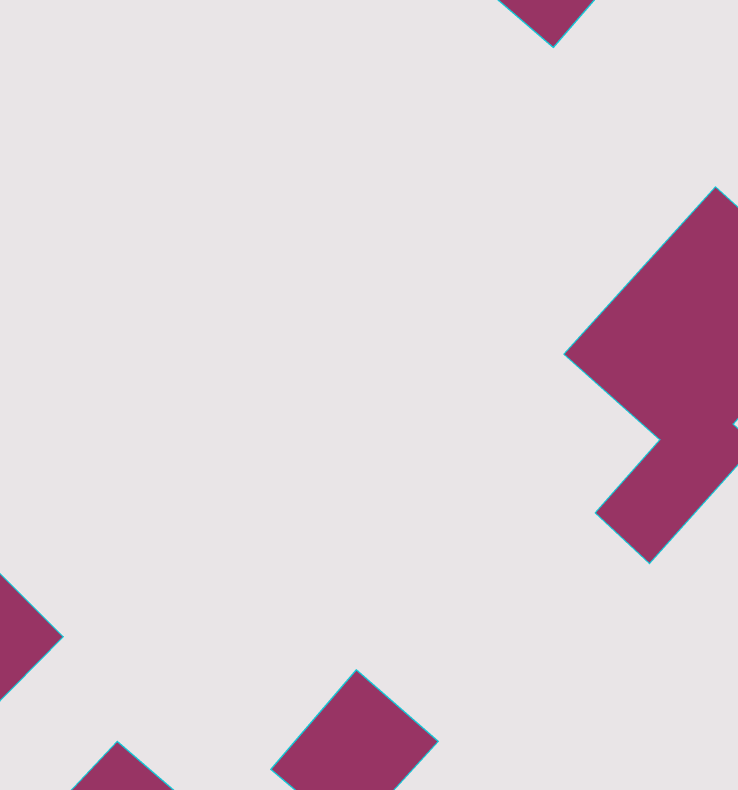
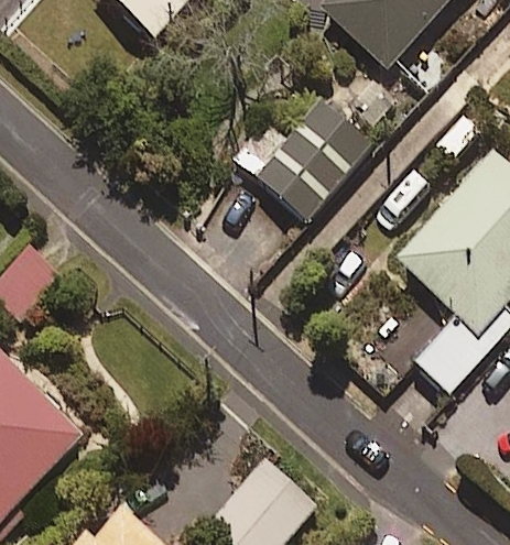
building: none -> [235,95,373,219]

